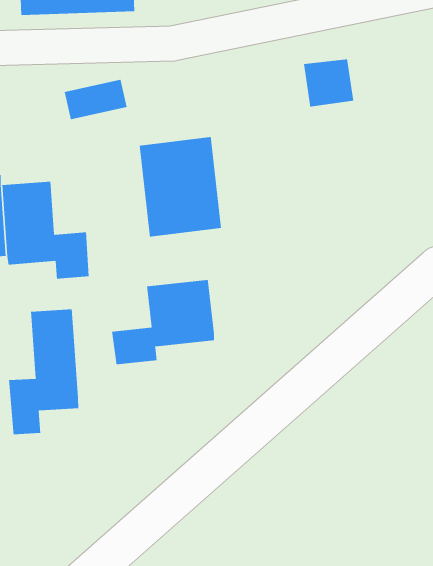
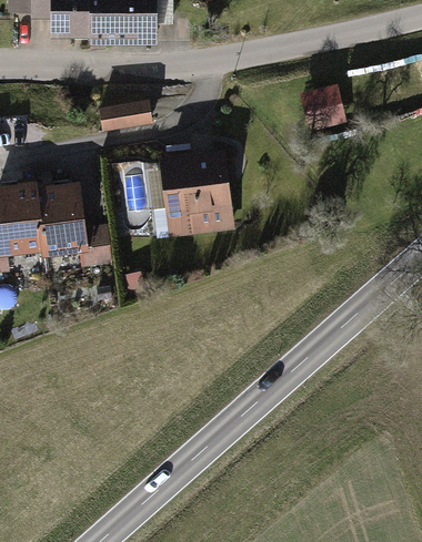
building: [112,279,214,365] -> none
building: [9,308,79,435] -> none

